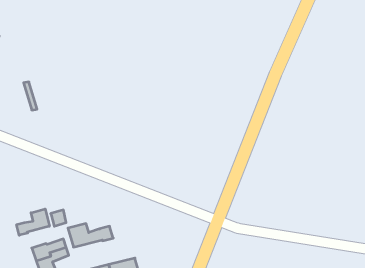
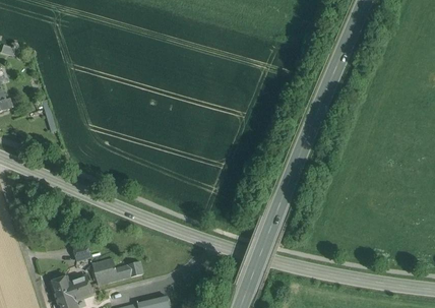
building: [17,209,49,235] -> none

